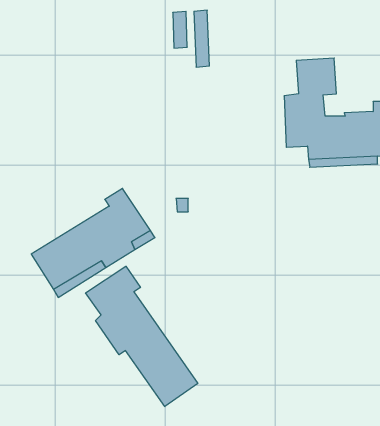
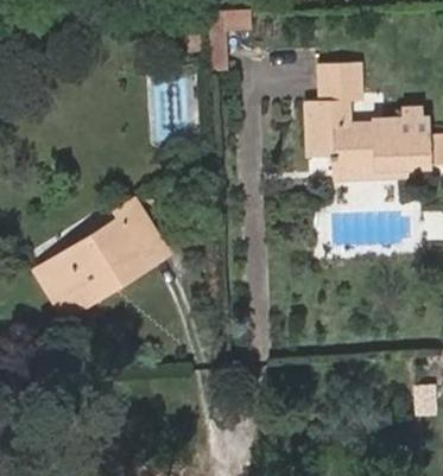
building: [86,266,198,407] -> none

